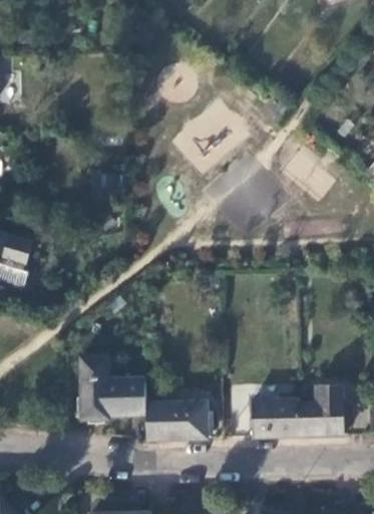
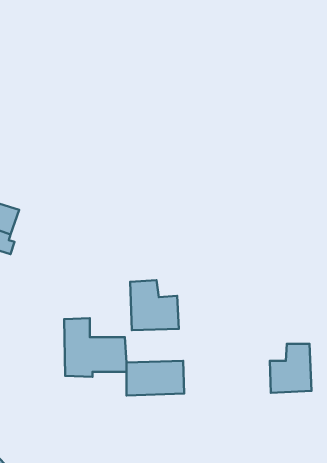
building: none -> [130,280,179,330]
building: [252,400,299,437] -> none

